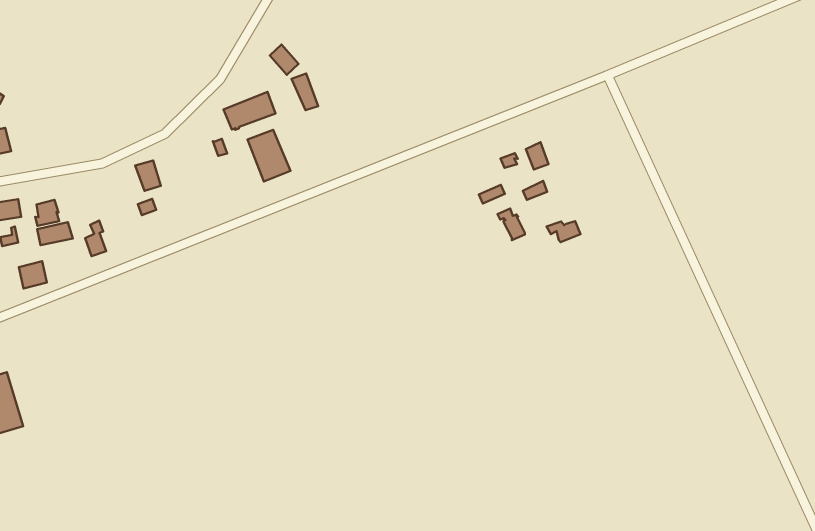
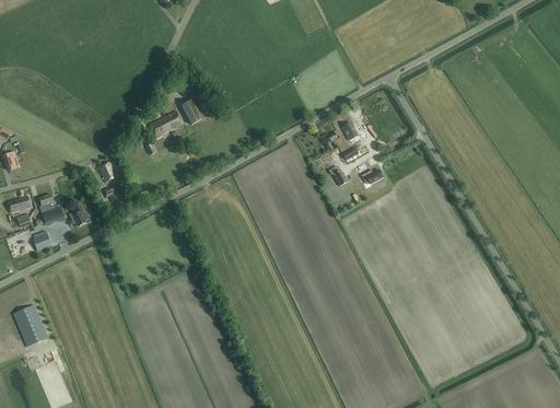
building: [247,130,290,182] -> none

